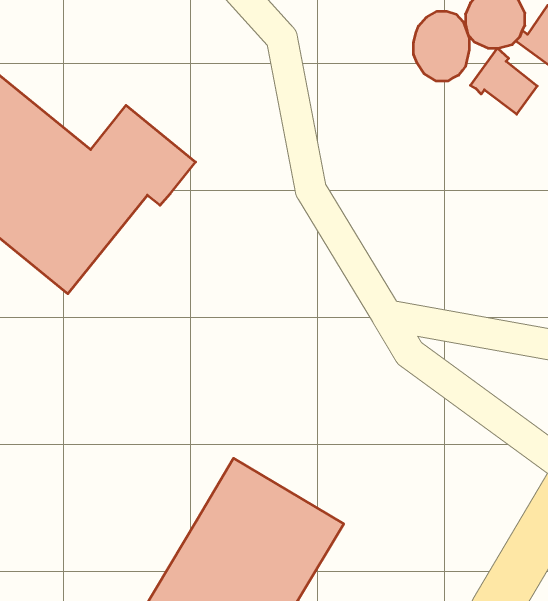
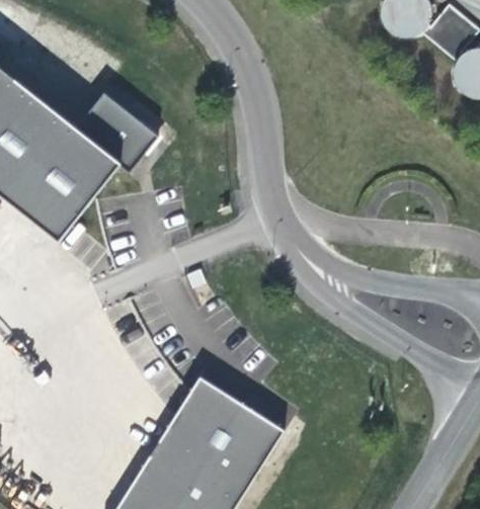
building: [414,11,469,81] -> none
building: [470,48,537,114] -> none

